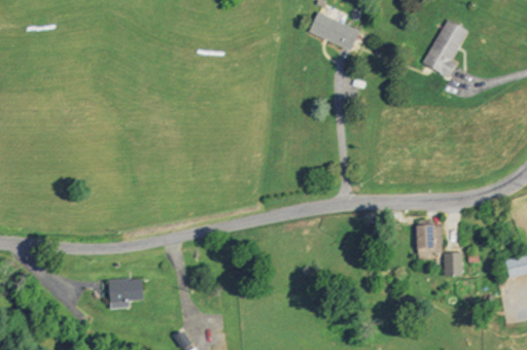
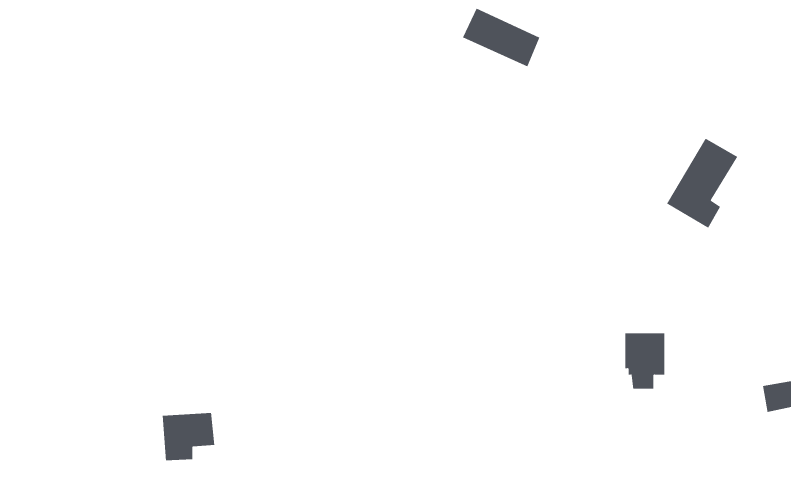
building: [421,17,468,77] -> [666,138,738,229]
building: [444,251,463,276] -> none

